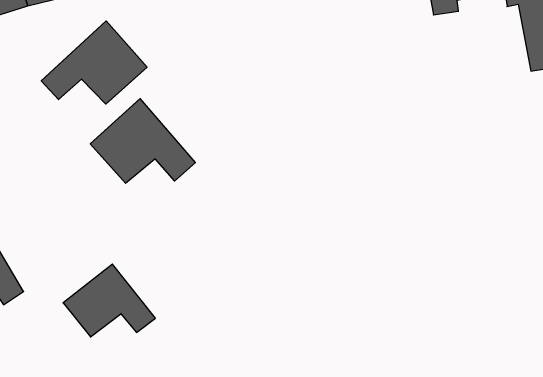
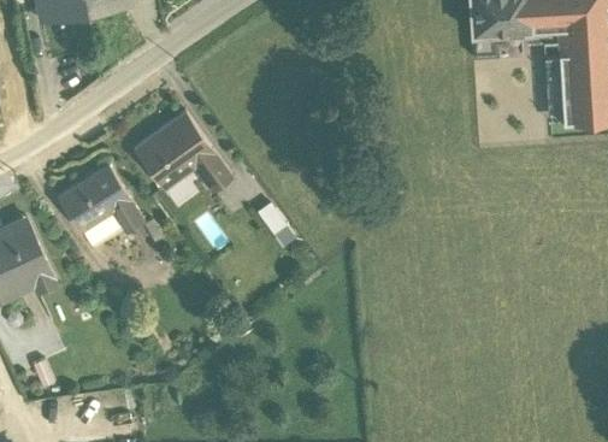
building: [41,21,147,104] -> none
building: [63,264,155,337] -> [57,163,143,230]

